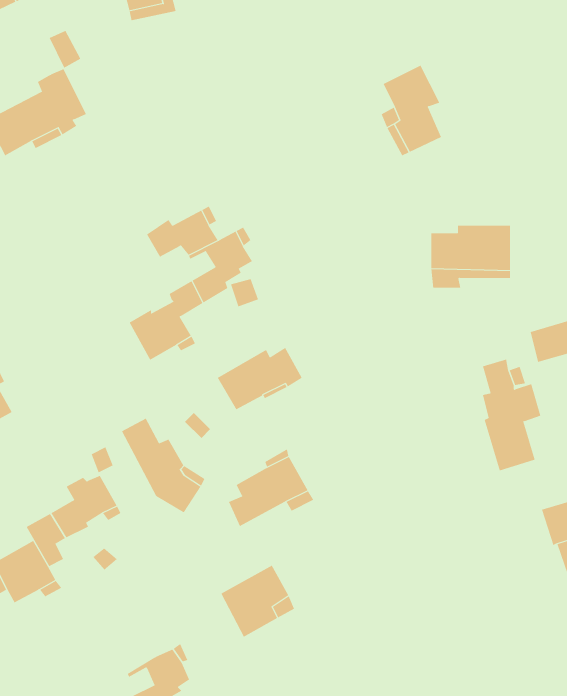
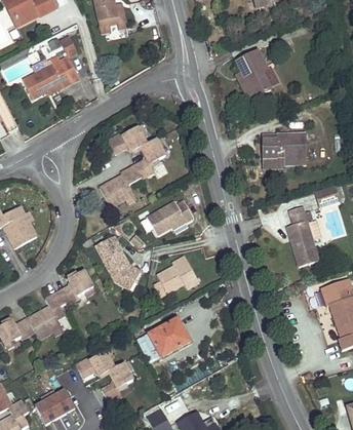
building: none -> [75,349,114,377]

